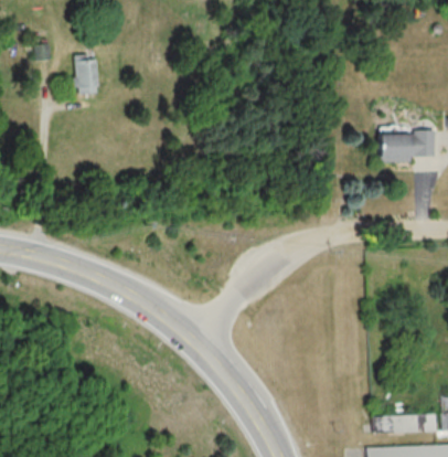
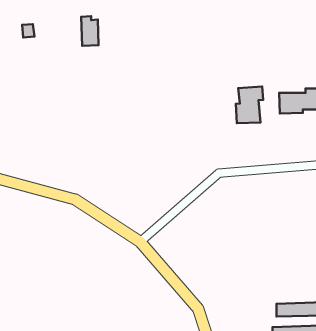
building: [75,54,98,94] -> [81,16,99,46]
building: none -> [236,87,263,123]

